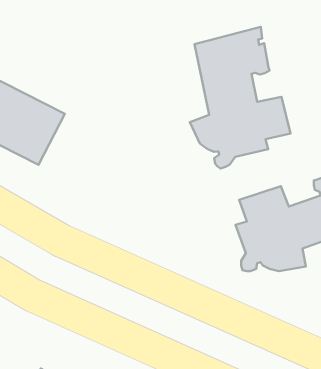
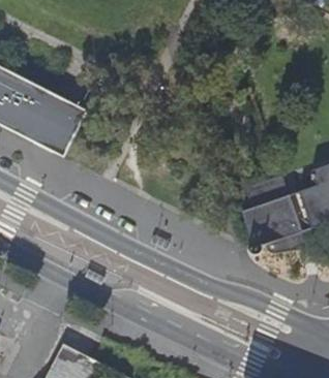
building: [190,27,291,168] -> none

